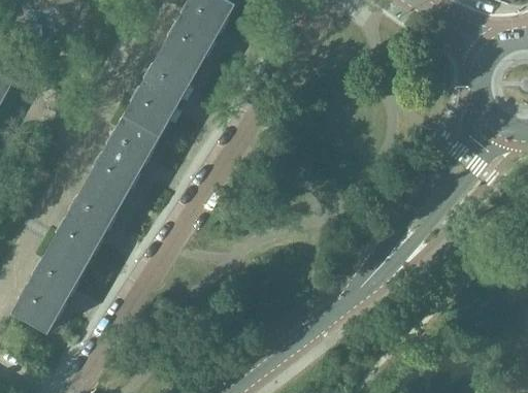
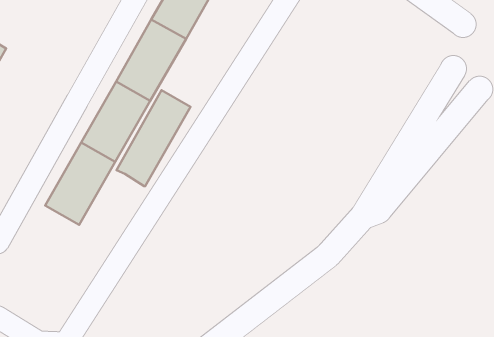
building: none -> [117,90,191,186]
building: [11,245,85,331] -> none

